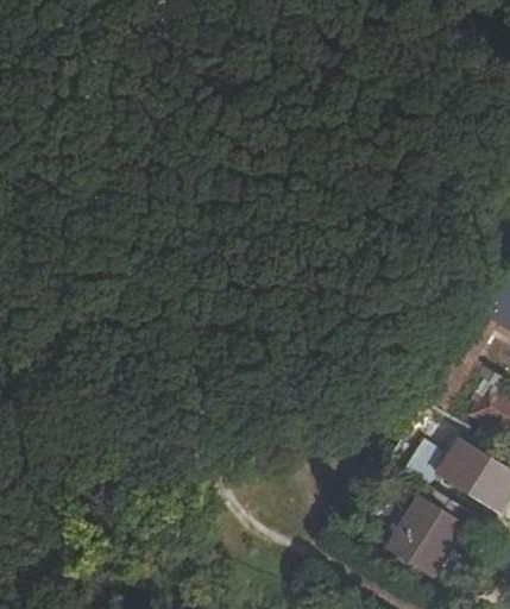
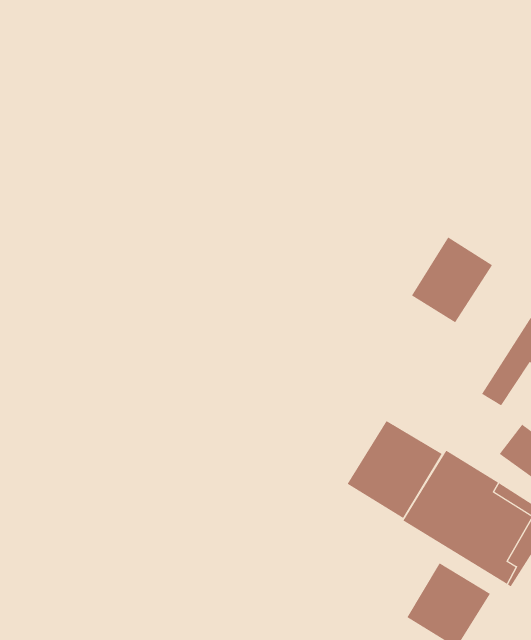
building: none -> [411,236,493,323]
building: none -> [347,420,442,519]

